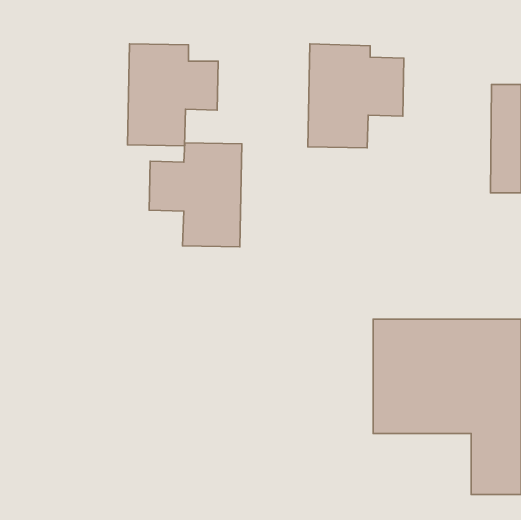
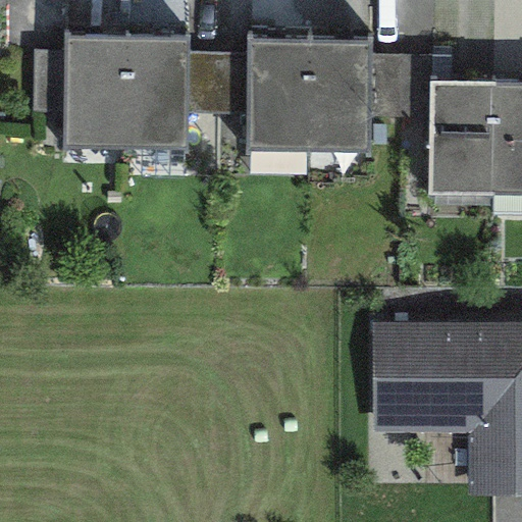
building: none -> [44,43,129,145]
building: none -> [431,84,491,193]
building: [149,143,242,247] -> [217,43,310,147]

